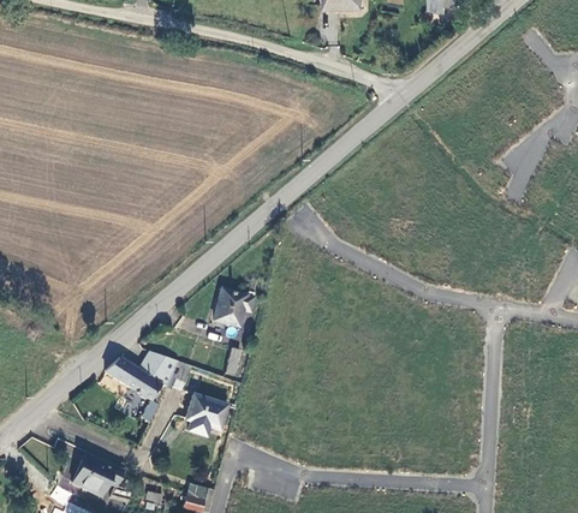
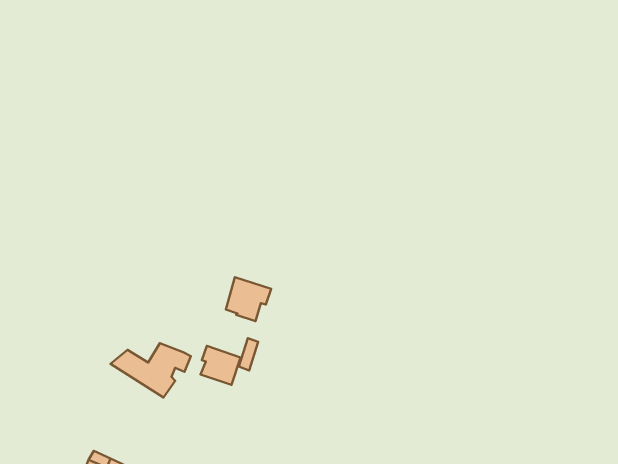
building: [186,400,224,436] -> [201,346,241,385]

